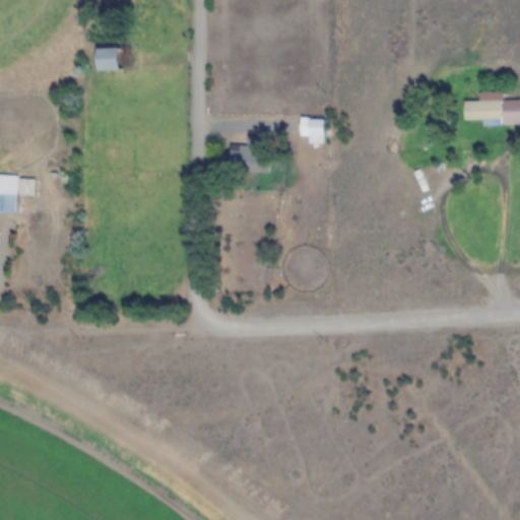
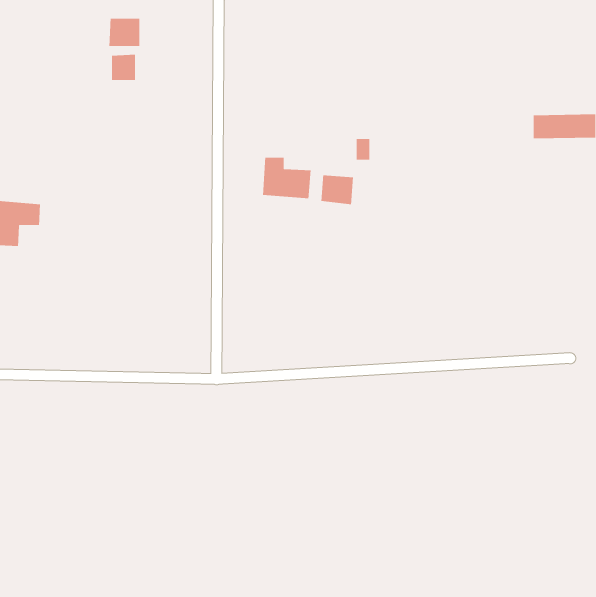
building: none -> [109,18,140,47]
building: none -> [320,175,354,205]

